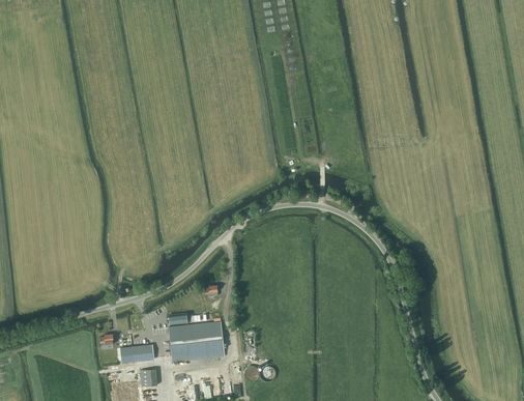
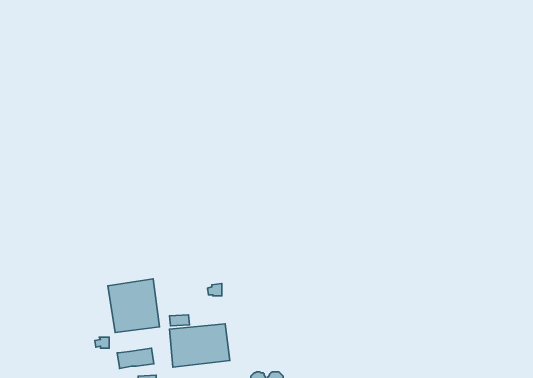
building: none -> [108,279,159,333]

